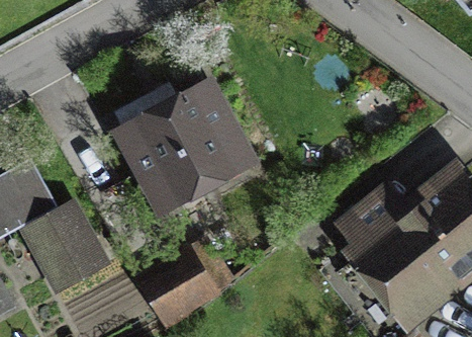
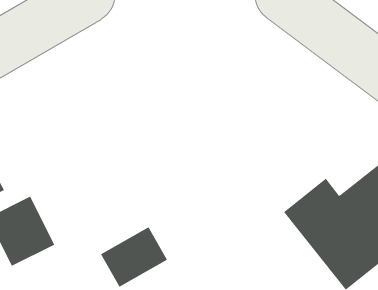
building: [120,86,245,209] -> none

